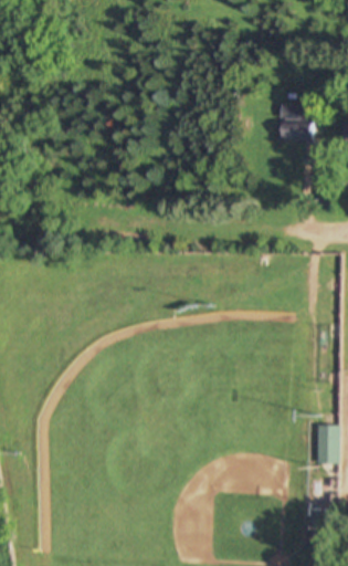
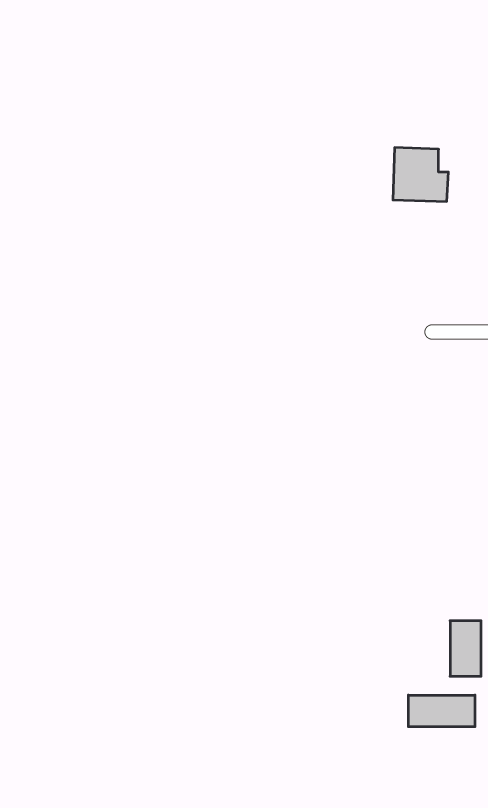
building: none -> [408,695,475,727]

